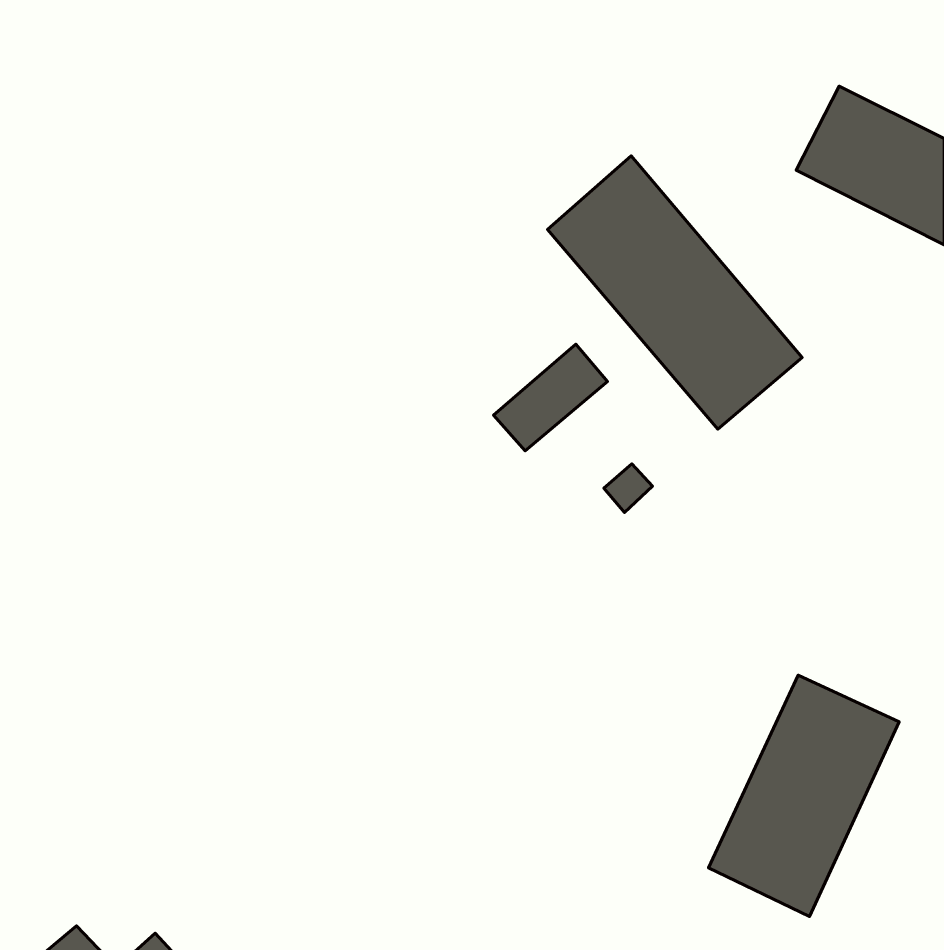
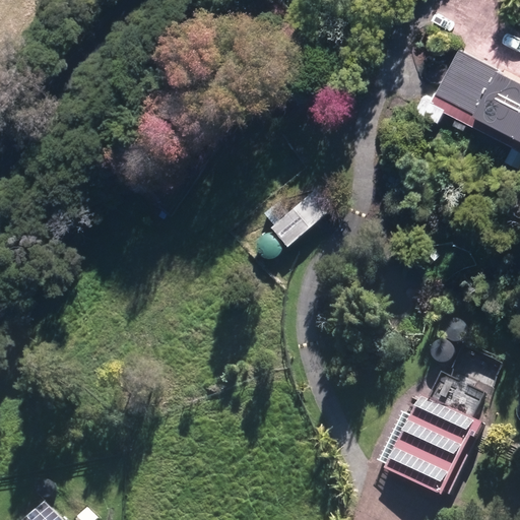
building: [548,156,802,429] -> none

